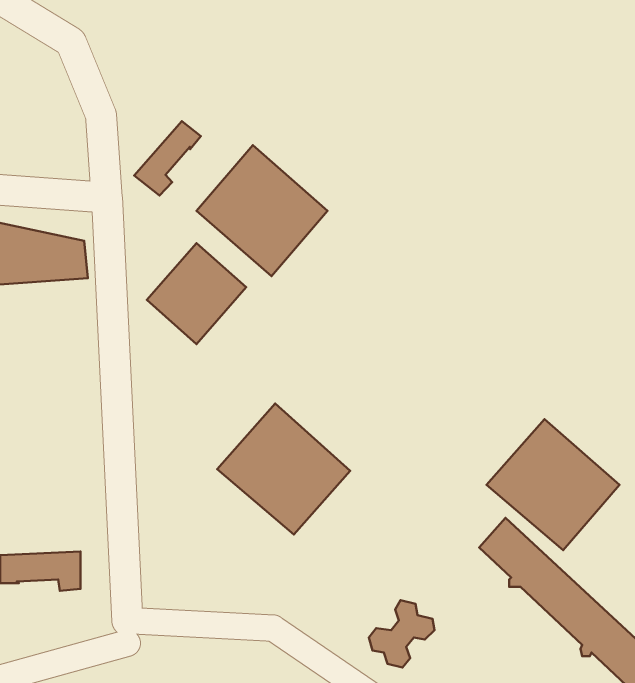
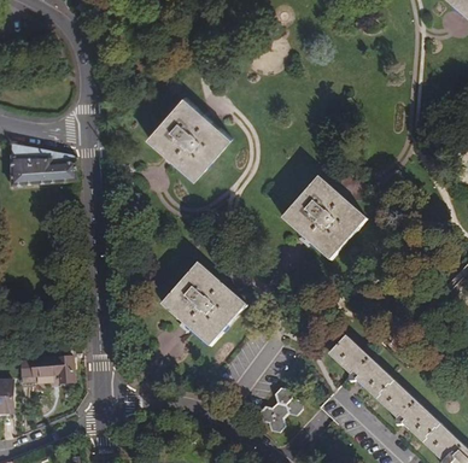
building: [134,121,201,195] -> none
building: [147,243,246,344] -> none
building: [487,419,619,550] -> [281,177,367,262]

